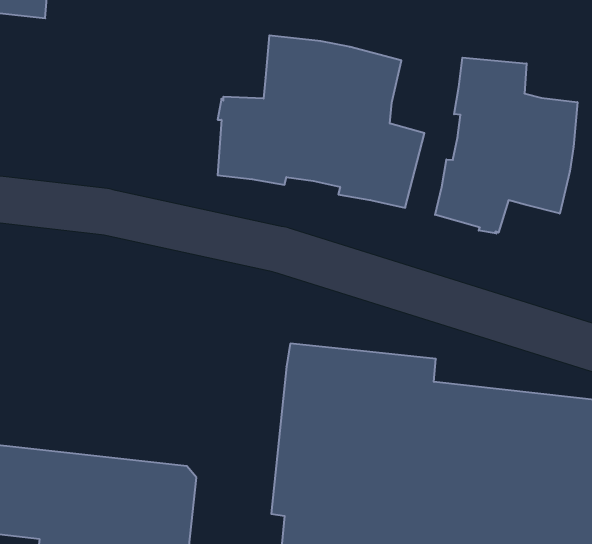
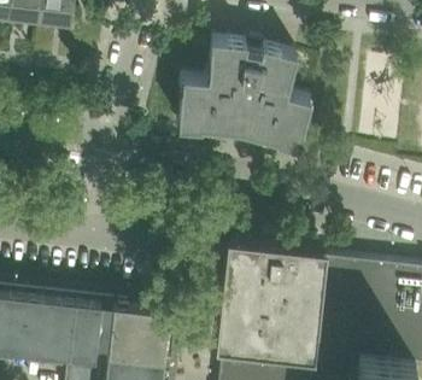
building: [435,58,577,234] -> none

